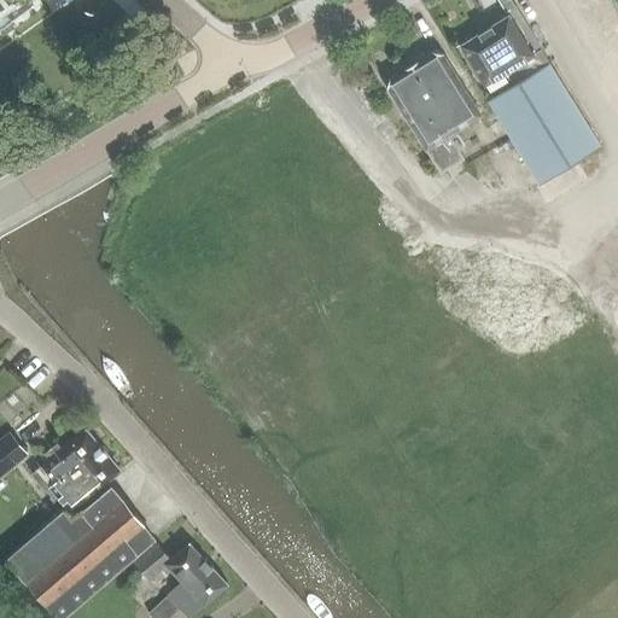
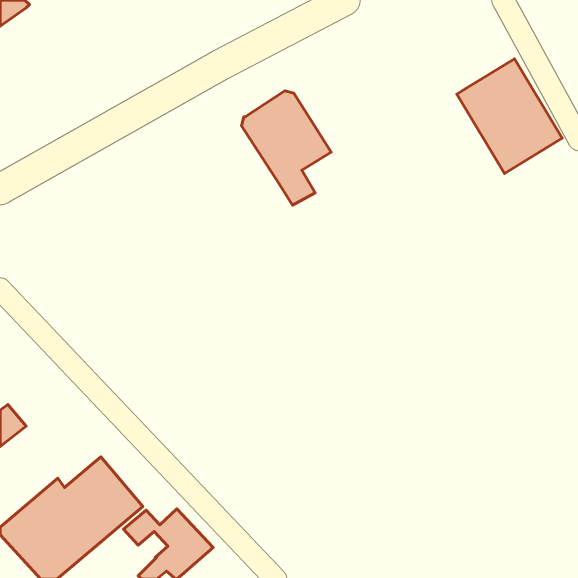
building: [460,17,549,95] -> none
building: [386,52,482,174] -> [242,91,331,205]
building: [33,431,119,512] -> none

